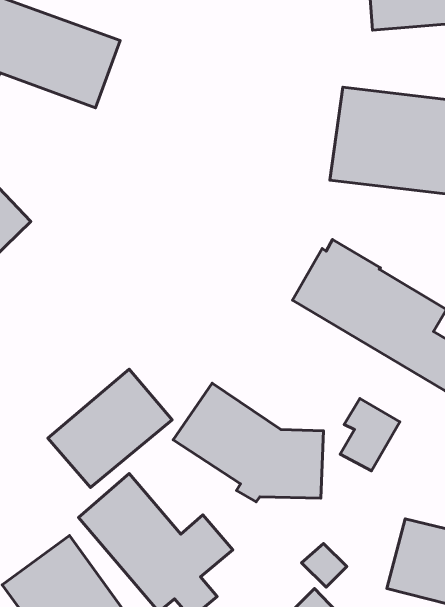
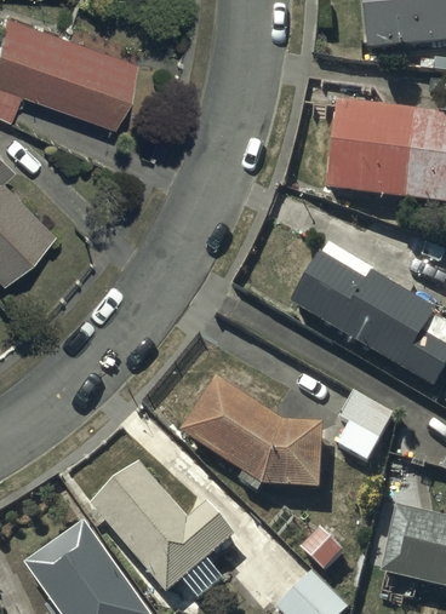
building: [48,369,172,488] -> none

